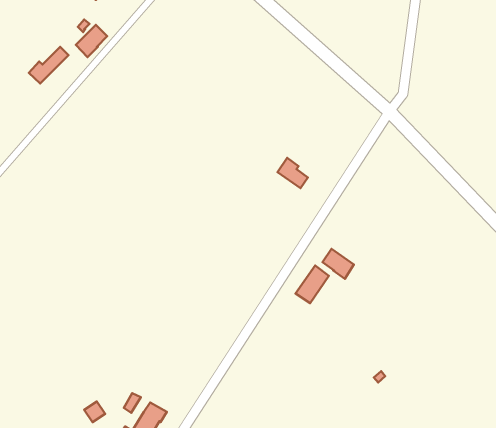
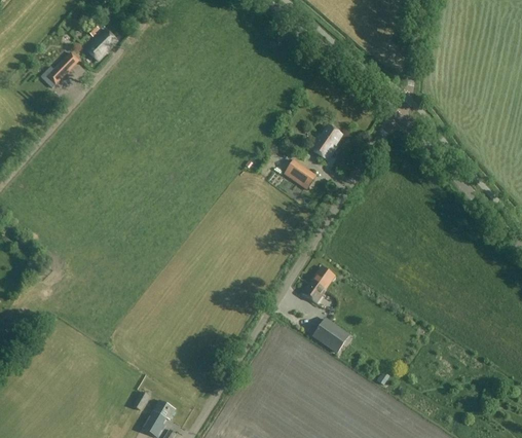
building: none -> [309,125,342,160]
building: [322,249,354,279] -> none
building: none -> [313,318,349,352]

